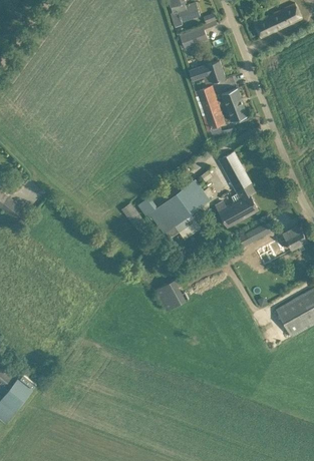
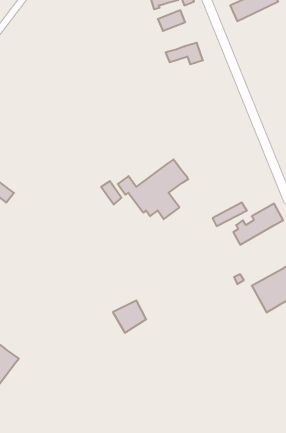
building: [194,86,224,138] -> none
building: [221,90,246,122] -> none
building: [216,152,257,226] -> none
building: [154,279,189,312] -> [113,300,146,333]

